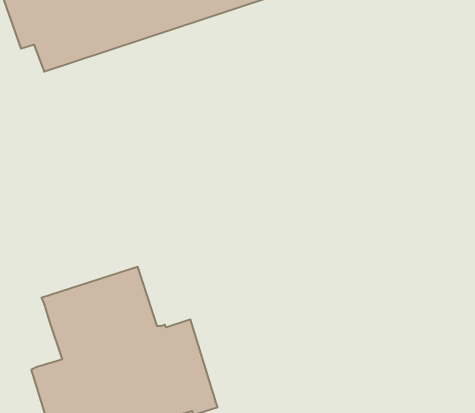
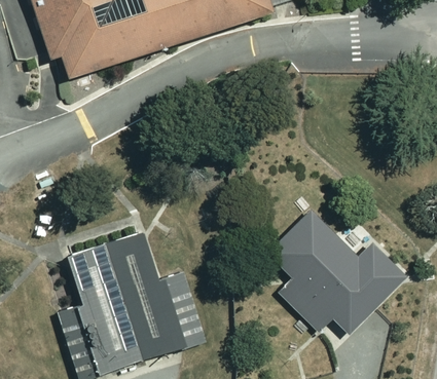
building: none -> [266,210,408,336]

